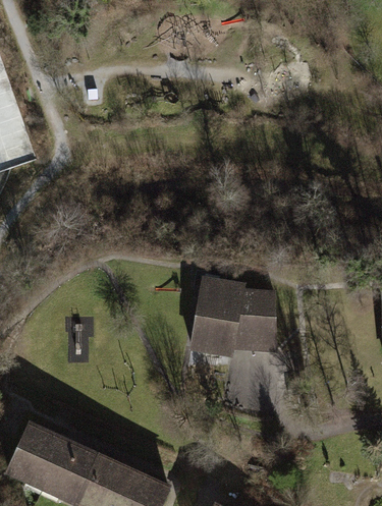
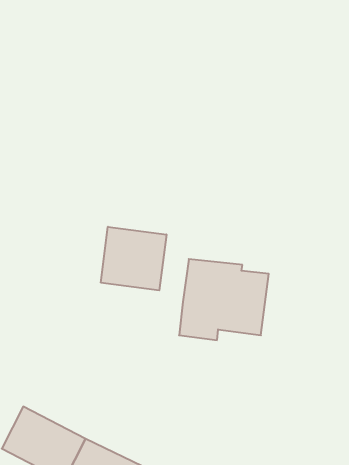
building: none -> [101,227,166,290]

